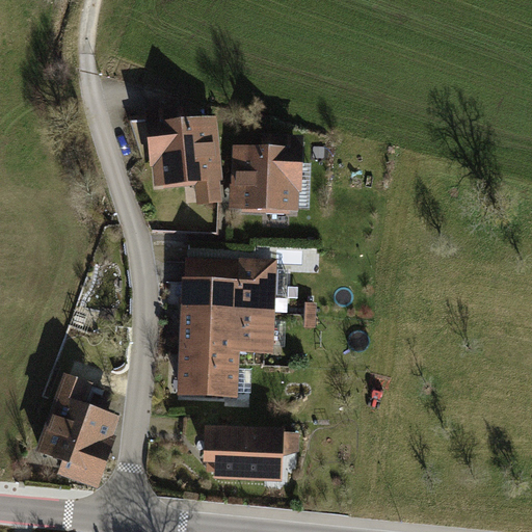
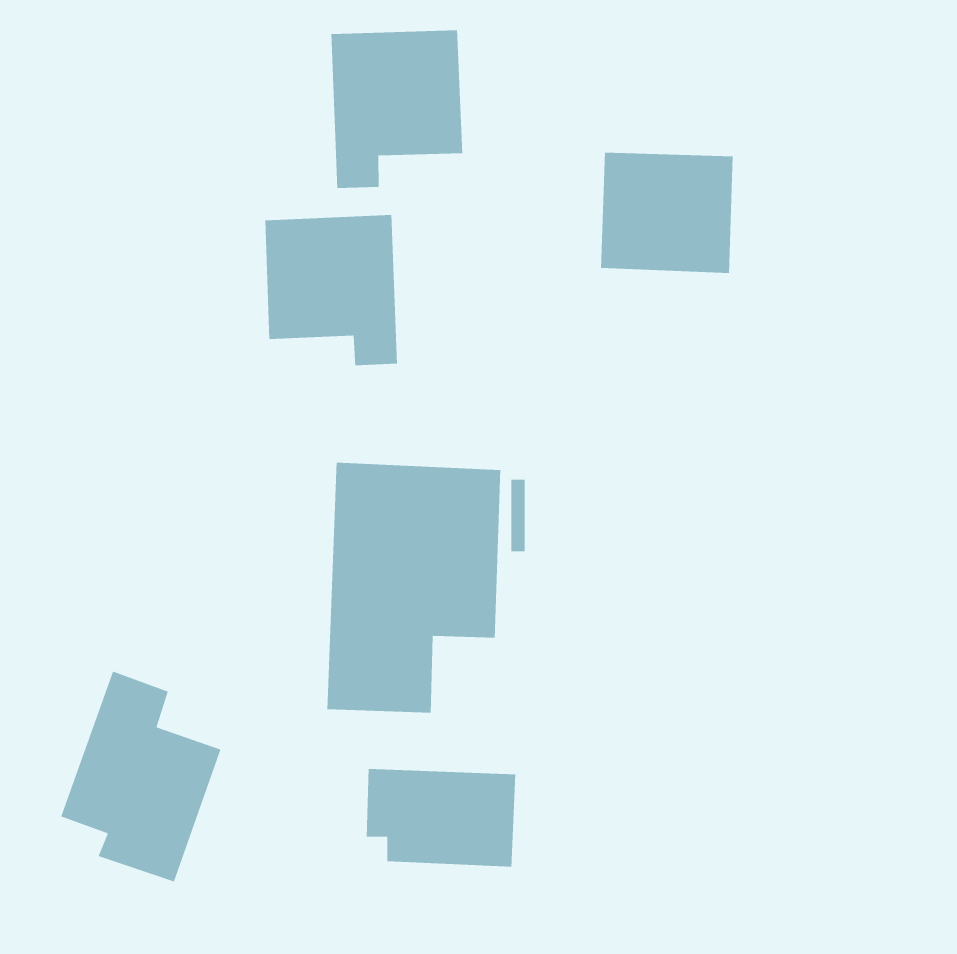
building: none -> [331,29,463,189]
building: [228,143,301,211] -> [600,152,733,274]

